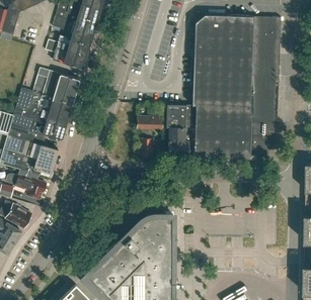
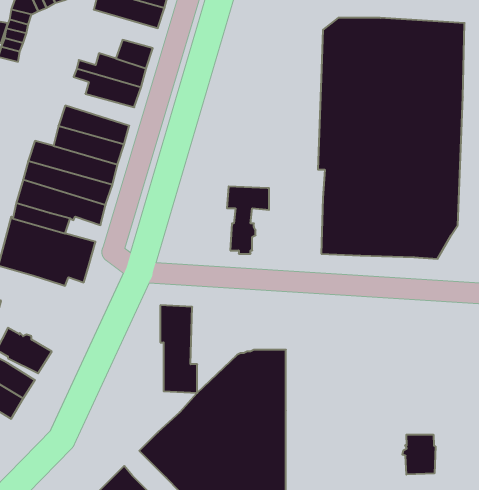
building: [52,9,95,32] -> none
building: [166,104,188,157] -> [160,305,197,393]
building: [7,169,46,199] -> none
building: none -> [402,435,435,475]

